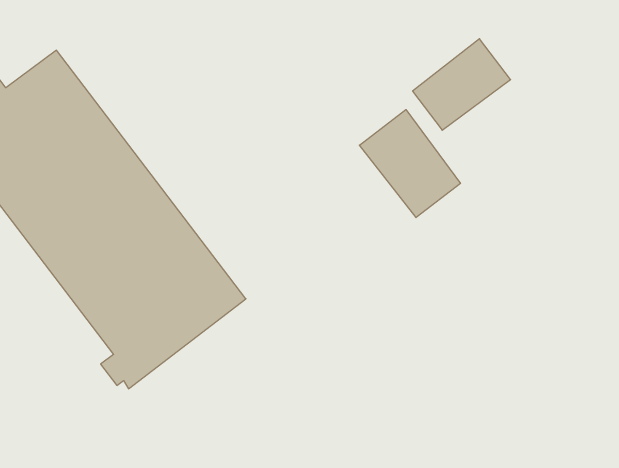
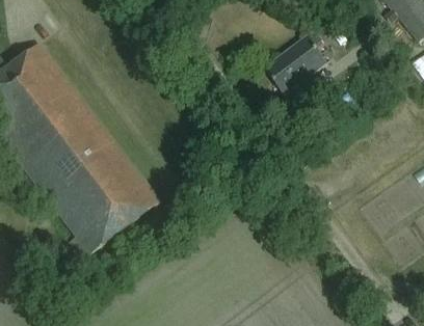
building: [359,110,460,218] -> none

